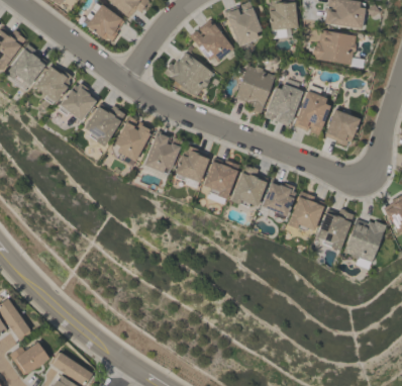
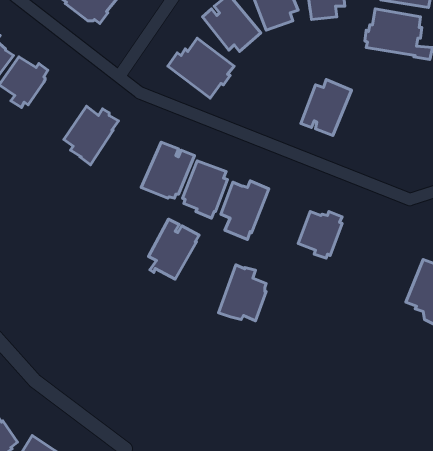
building: [235,65,276,112] -> none
building: [60,82,99,121] -> none
building: [294,91,330,134] -> none
building: [325,109,361,147] -> none
building: [115,116,154,162] -> [149,219,199,279]
building: [231,165,268,207] -> [218,265,266,321]
building: [289,191,324,230] -> none
building: [317,208,354,252] -> none

